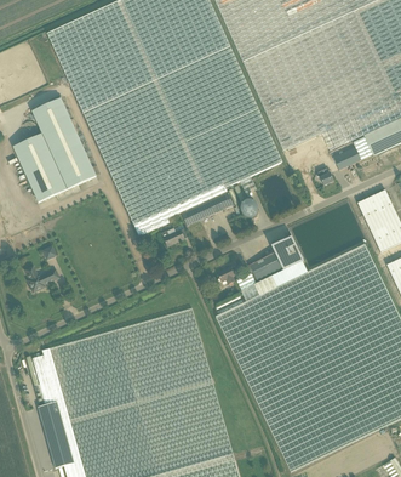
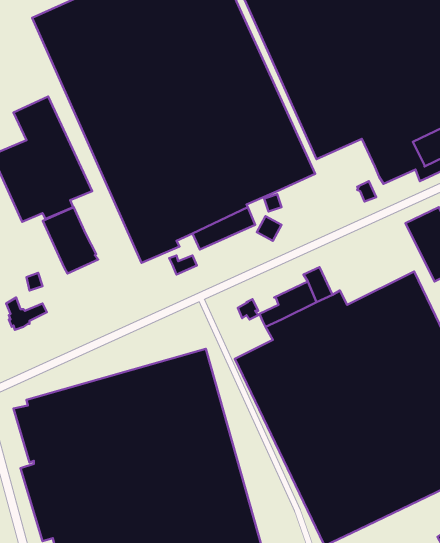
building: none -> [43,207,98,274]

